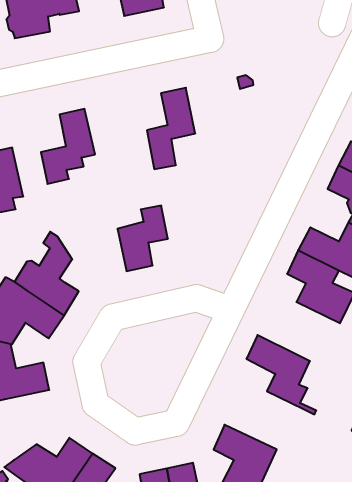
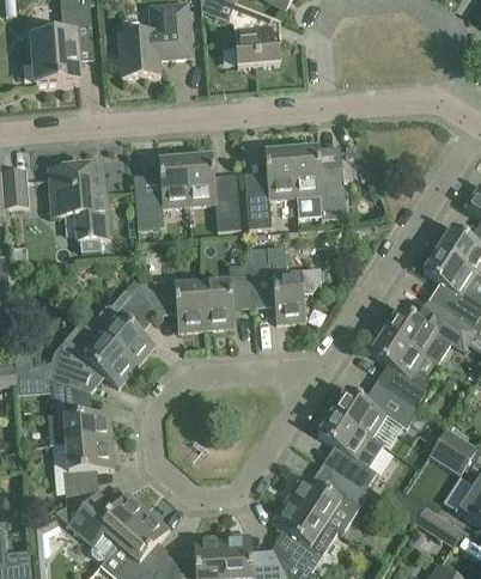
building: none -> [291,146,346,217]
building: none -> [184,154,240,228]
building: none -> [249,244,321,322]
building: none -> [140,280,206,329]
building: none -> [331,380,418,446]
building: none -> [63,438,114,505]
building: none -> [286,468,369,532]

